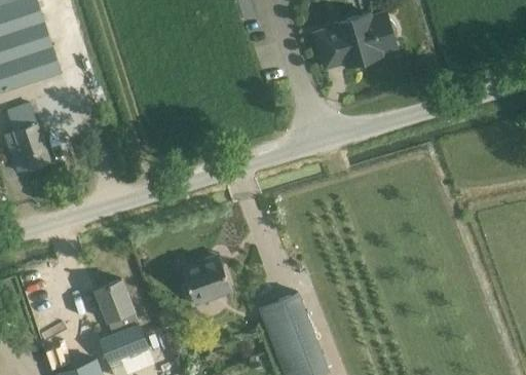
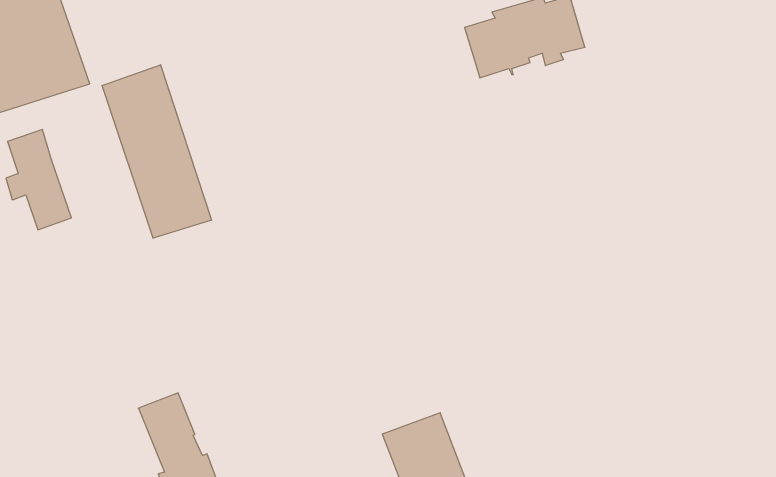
building: none -> [102,65,211,238]
building: [181,254,232,305] -> none

